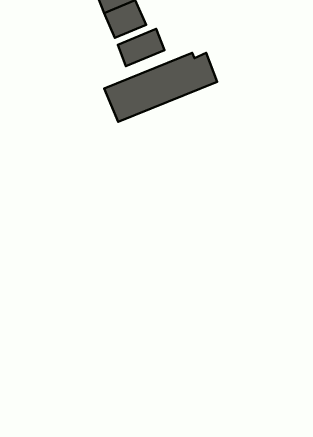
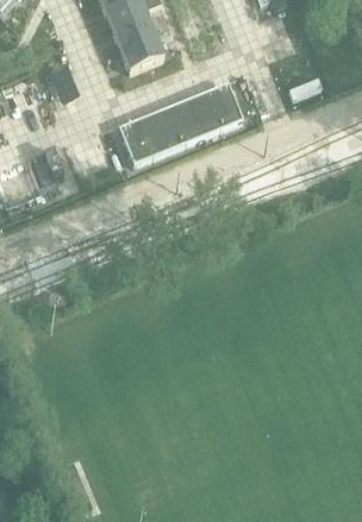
building: [118,29,164,66] -> none

